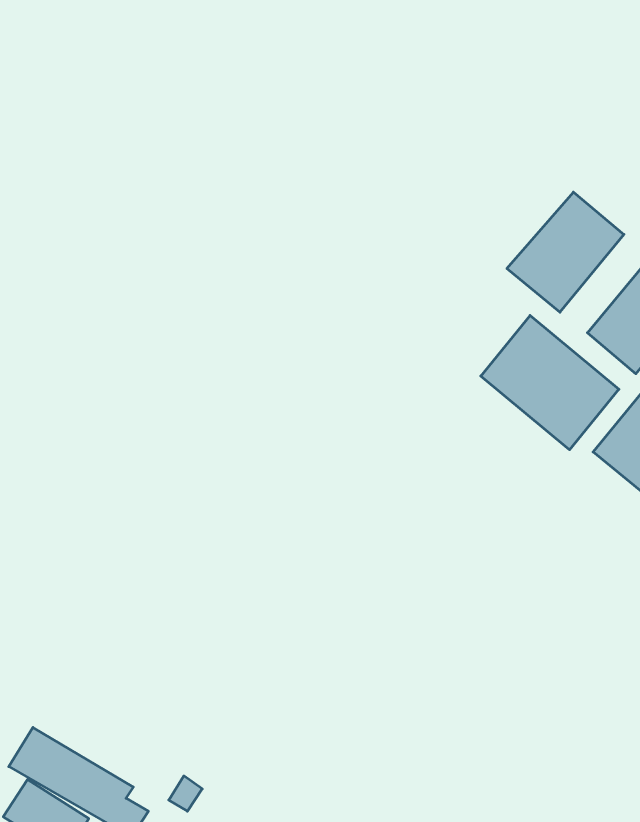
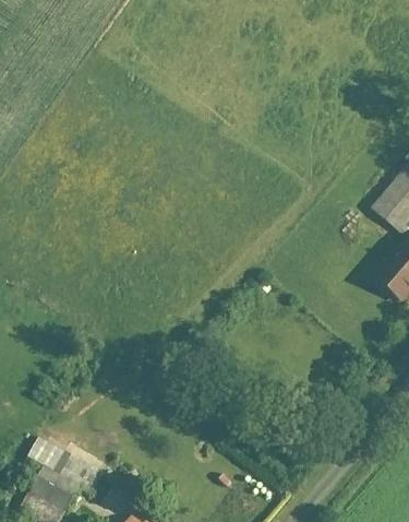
building: [507,192,624,312] -> none
building: [481,315,619,450] -> none

